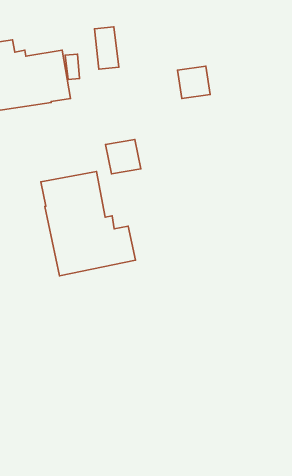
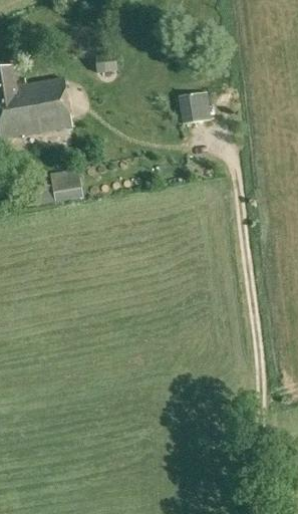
building: [105,139,141,174] -> [49,168,84,202]
building: [41,171,135,276] -> none

